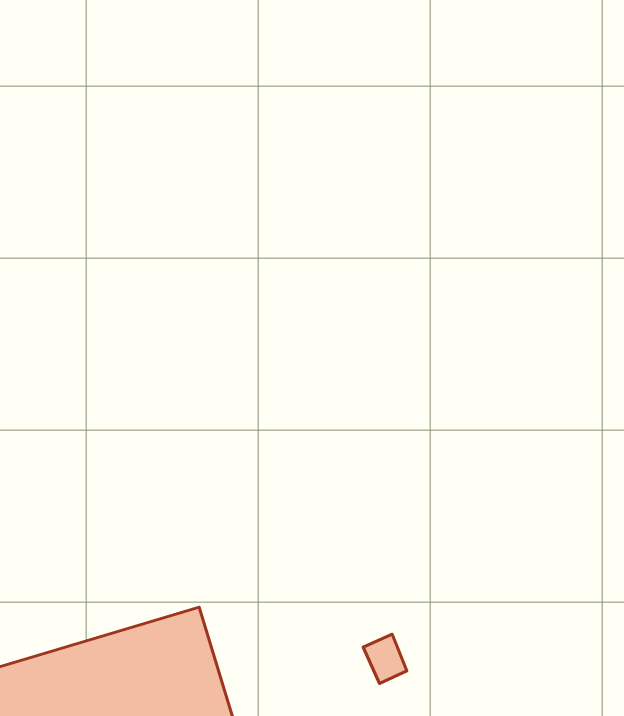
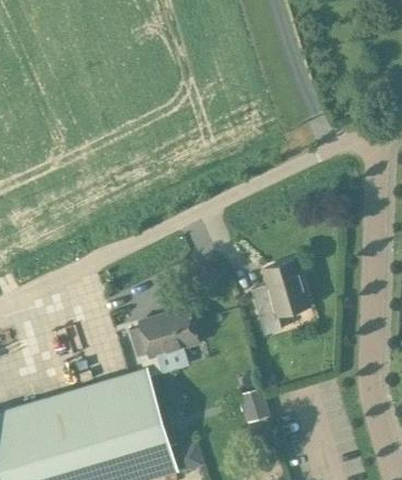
building: none -> [256,261,311,336]
building: none -> [142,305,201,377]

